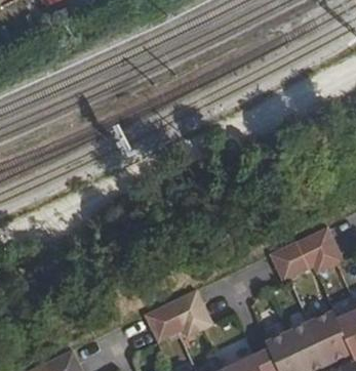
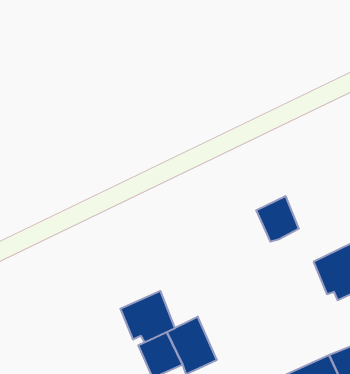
building: [269,241,306,280] -> [256,196,299,242]
building: none -> [120,291,175,342]

